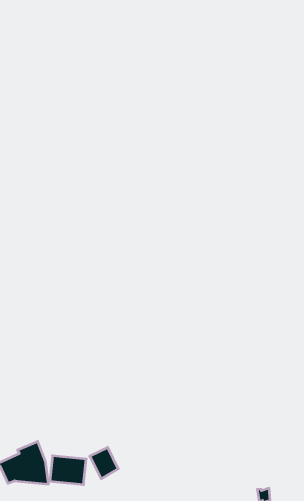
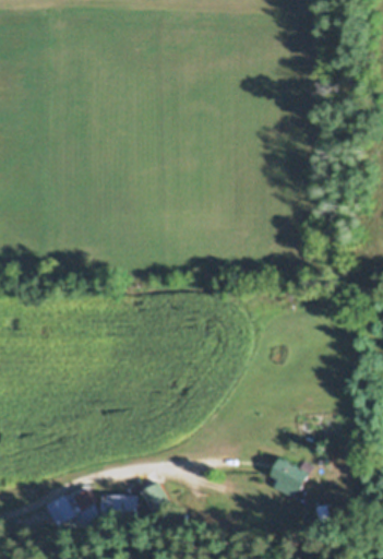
building: none -> [271,459,312,498]

